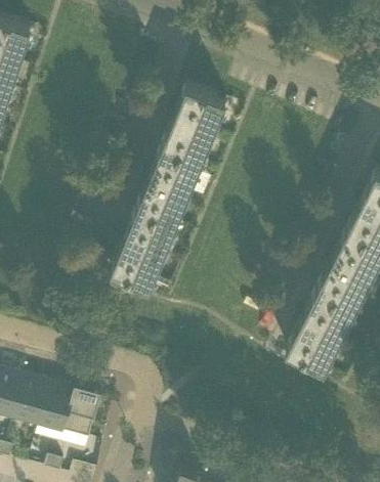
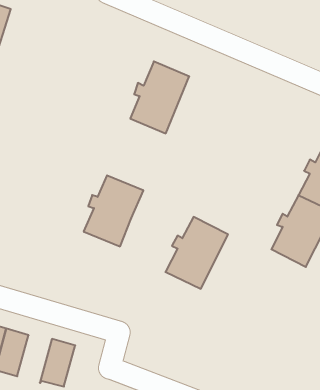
building: [140,145,205,224] -> none
building: [290,289,358,367] -> [165,217,228,289]
building: [42,383,80,435] -> none

